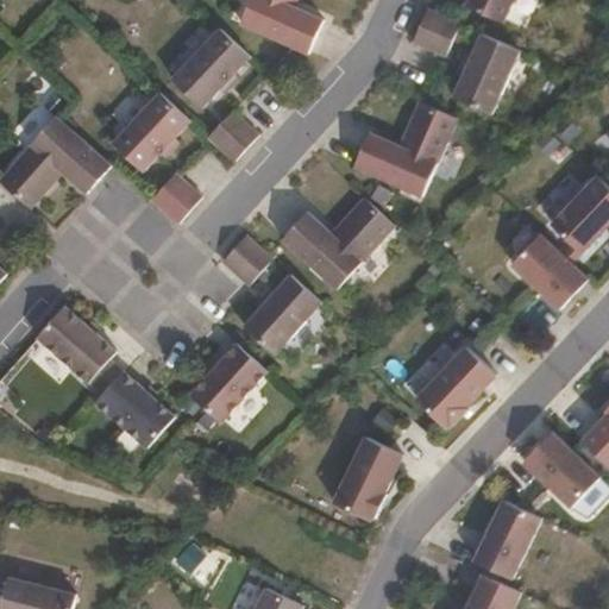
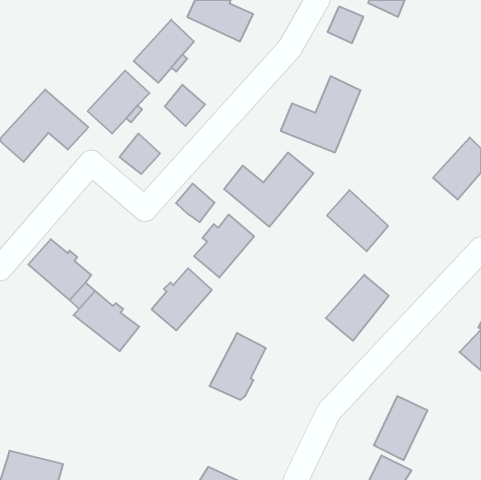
building: [454,31,520,112] -> none
building: [507,233,584,310] -> [327,190,388,251]
building: [520,435,597,513] -> none
building: [328,439,400,523] -> [209,333,266,400]

